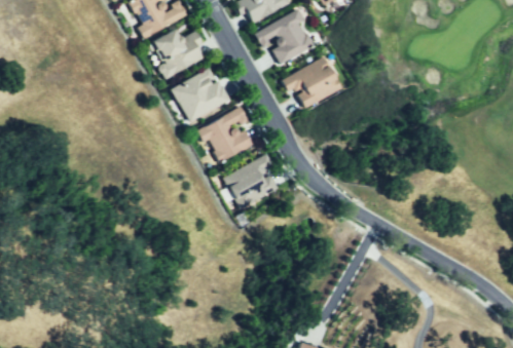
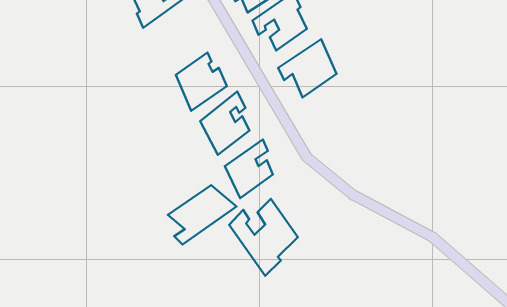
building: [157,25,205,80] -> none
building: none -> [168,185,236,244]
building: none -> [229,199,298,276]

